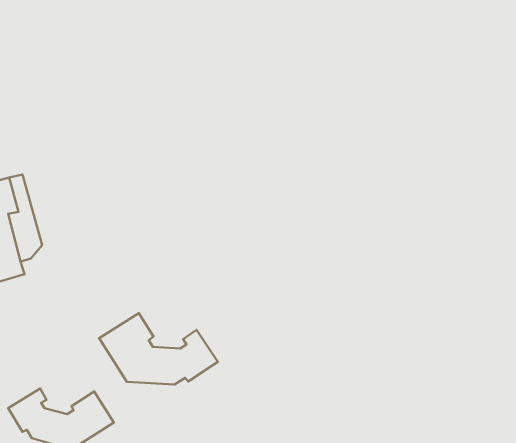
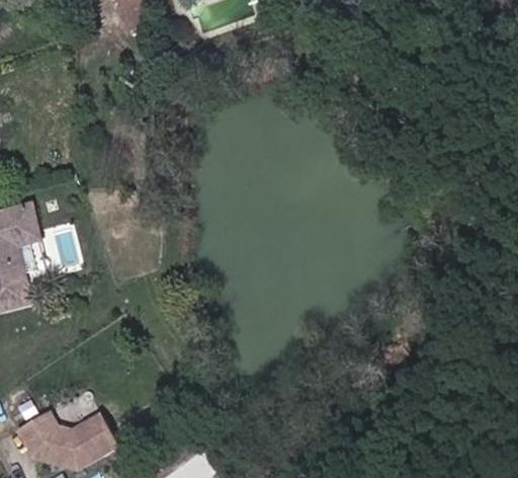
building: [99,313,218,384] -> none

